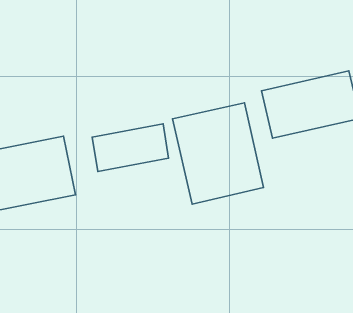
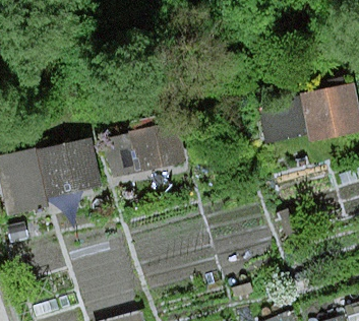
building: [173,103,263,204] -> none

